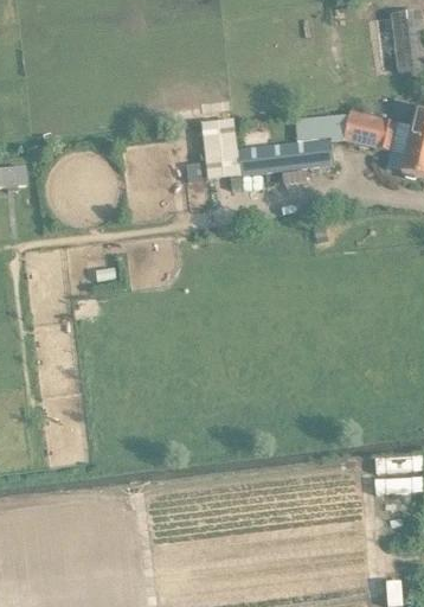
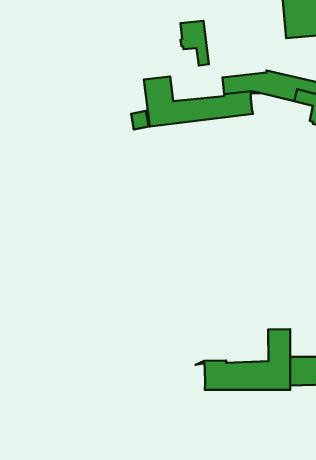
building: none -> [180,21,209,65]
building: none -> [196,329,290,390]

